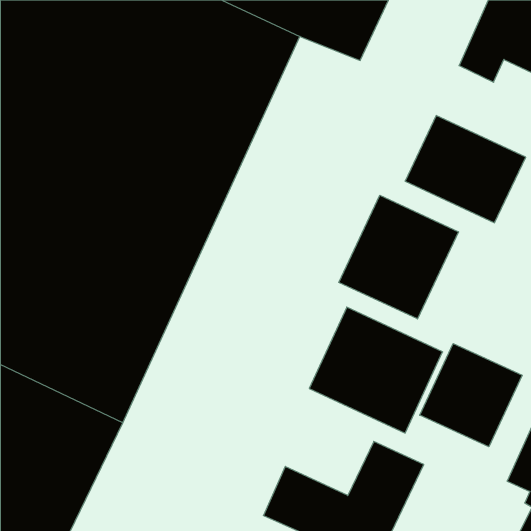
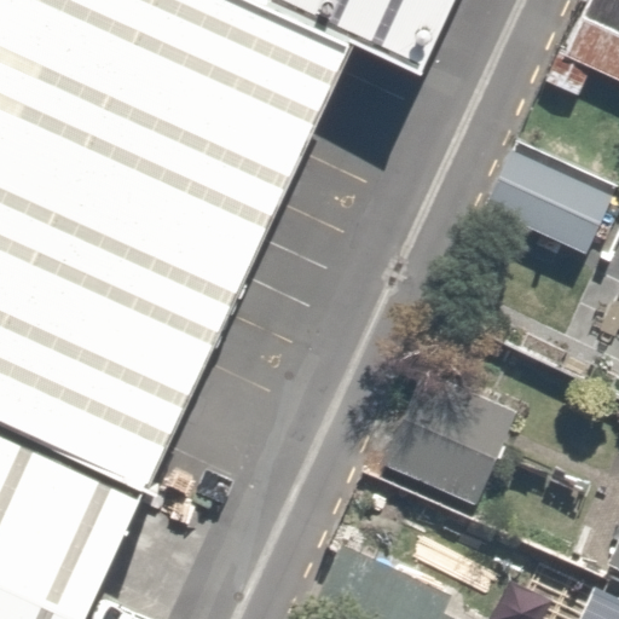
building: [339,195,458,319] -> none
building: [420,344,522,447] -> none

